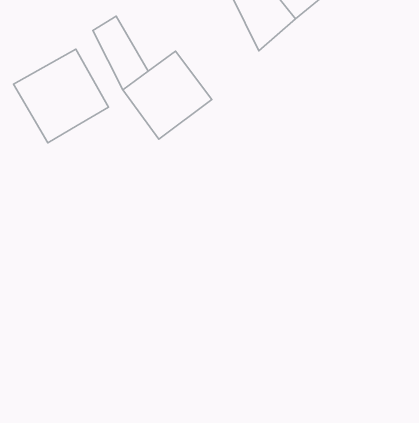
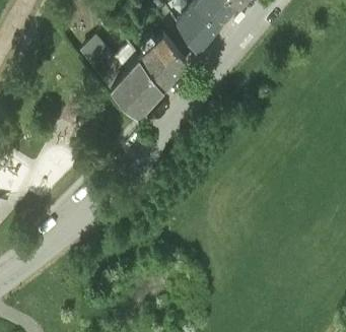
building: none -> [140,37,193,89]
building: [14,49,109,143] -> none

